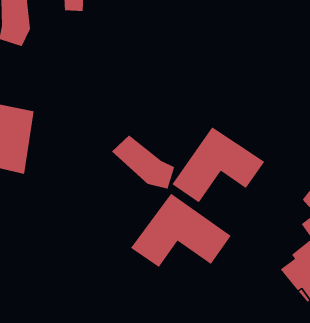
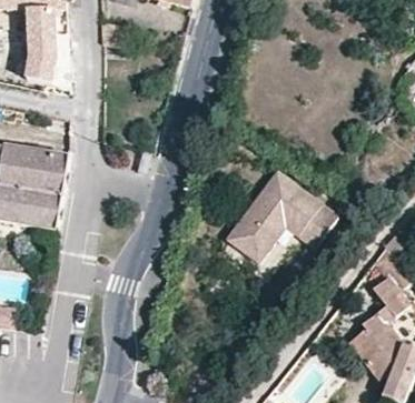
building: [111,135,175,190] -> none
building: [130,193,232,268] -> none

